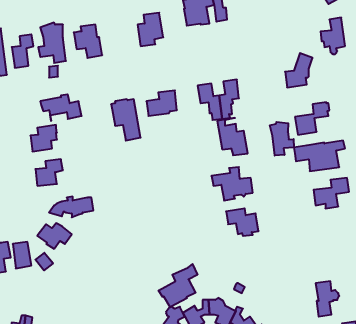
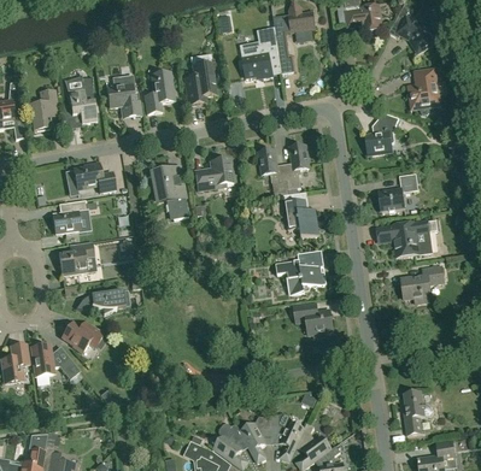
building: none -> [145,71,175,113]
building: [270,122,294,156] -> none
building: [159,264,197,307] -> none

